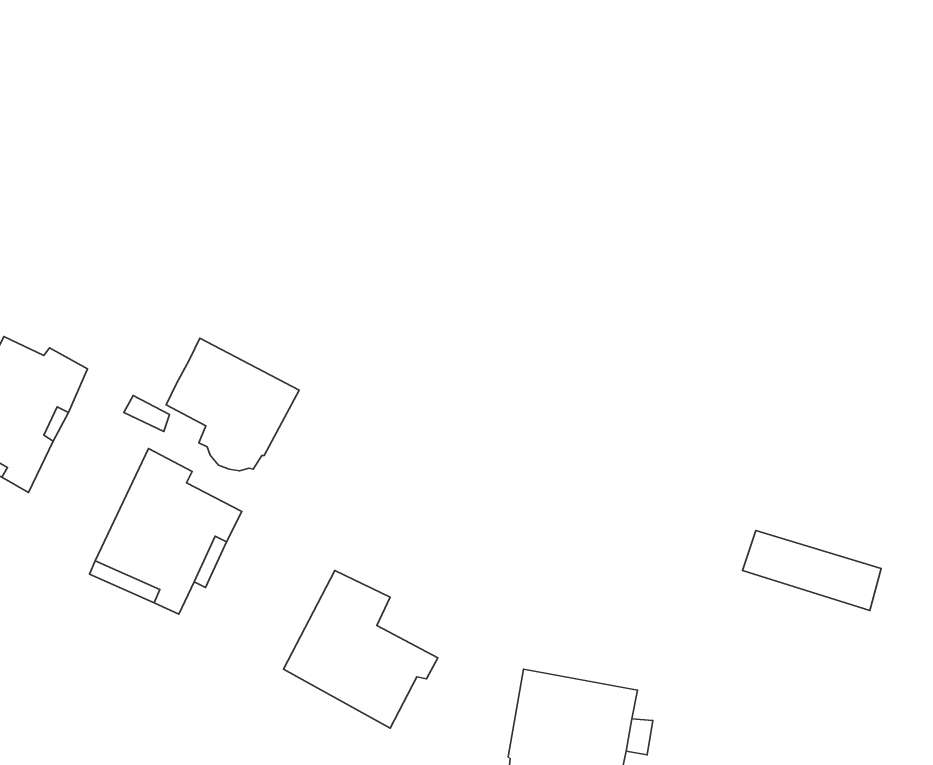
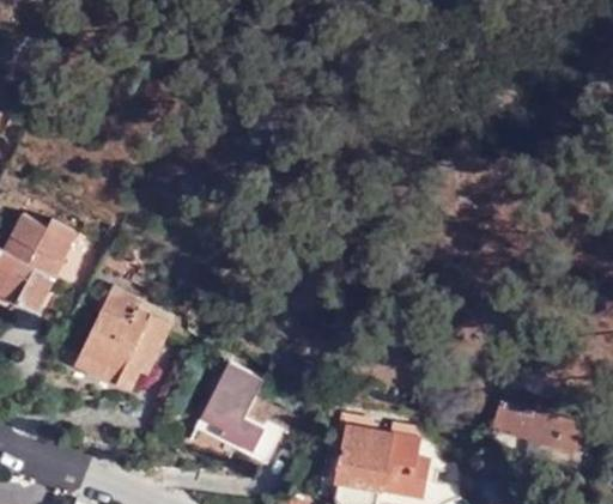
building: [166,338,299,471] -> none
building: [742,530,881,610] -> [491,403,578,454]

